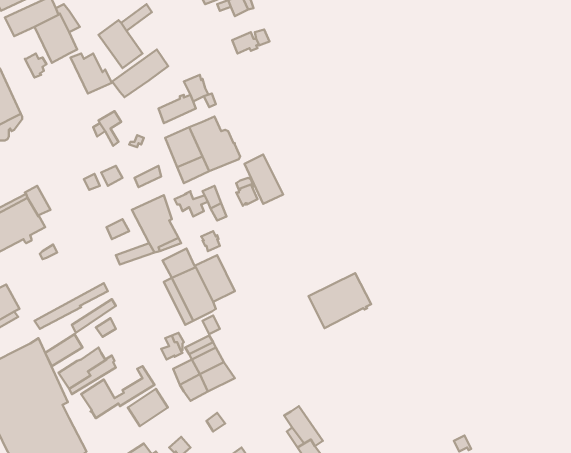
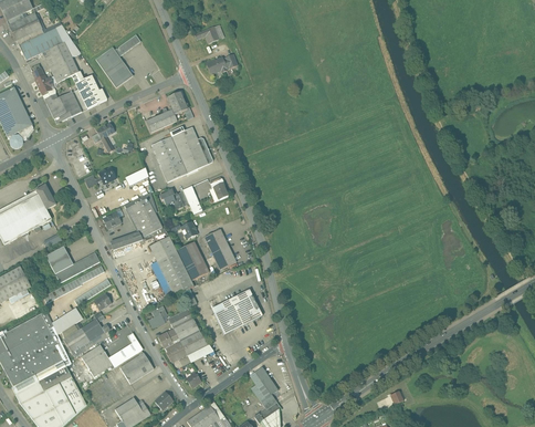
building: [112,49,168,97] -> none
building: none -> [44,91,82,121]
building: [244,154,283,204] -> [204,228,237,269]
building: none -> [45,246,99,282]
building: [308,273,371,328] -> [211,289,263,334]

